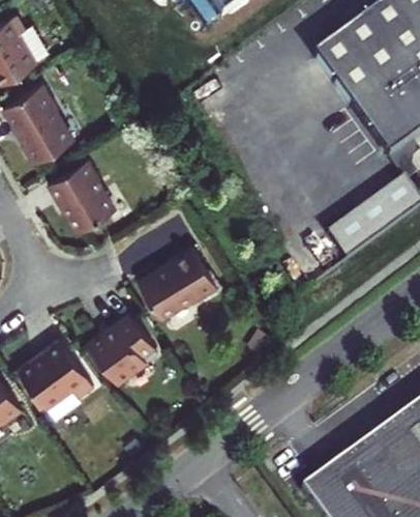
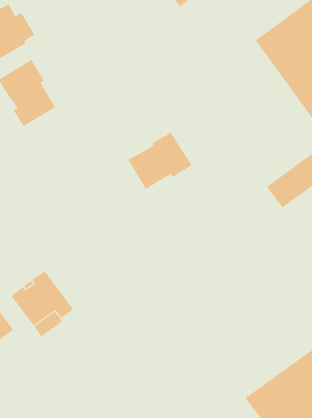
building: [47,155,113,229] -> none
building: [138,245,216,315] -> [127,132,193,190]
building: [87,310,154,379] -> none

